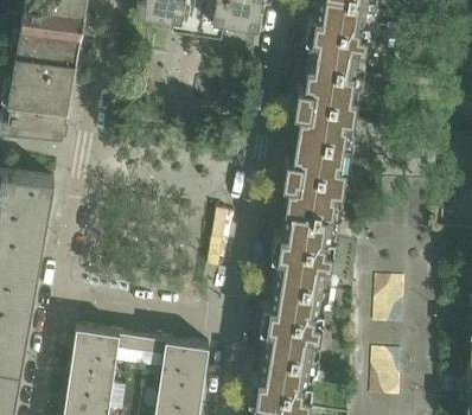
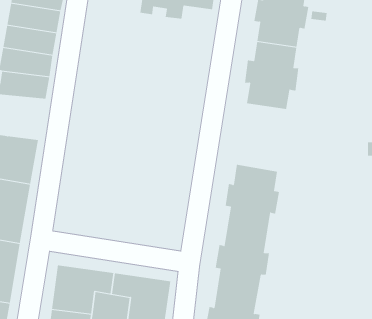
building: [283,135,349,215] -> none

